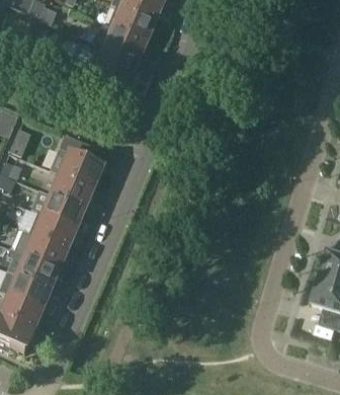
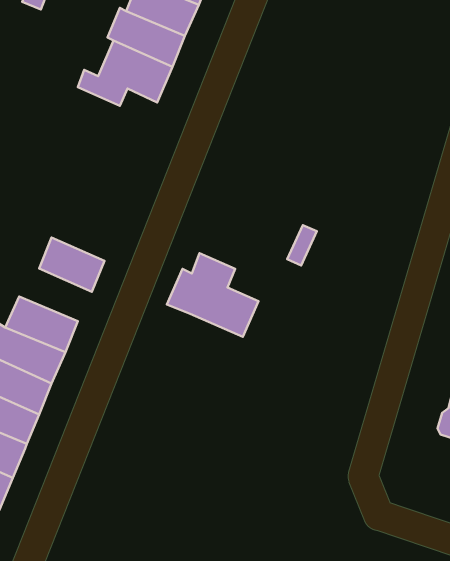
building: [44,134,103,188] -> [167,253,258,337]
building: [37,193,85,228] -> none

